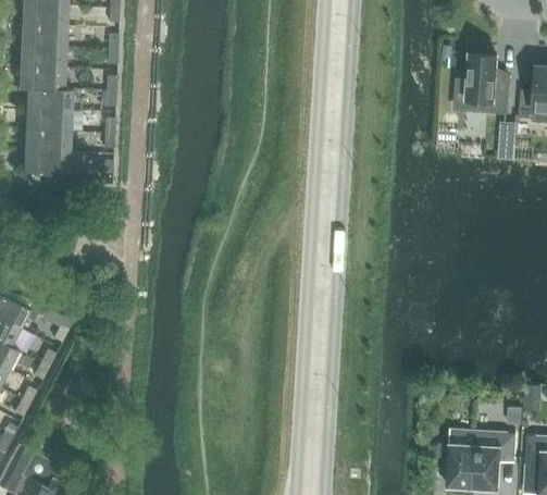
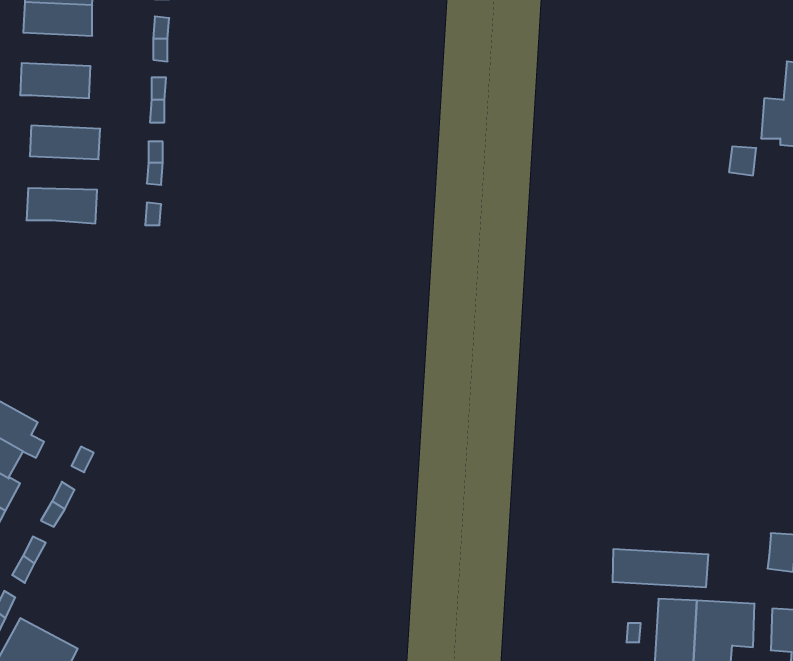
building: [18,46,66,69] -> none
building: [456,48,509,112] -> none
building: [25,88,72,111] -> none
building: [23,129,71,152] -> none
building: none -> [613,549,708,587]

